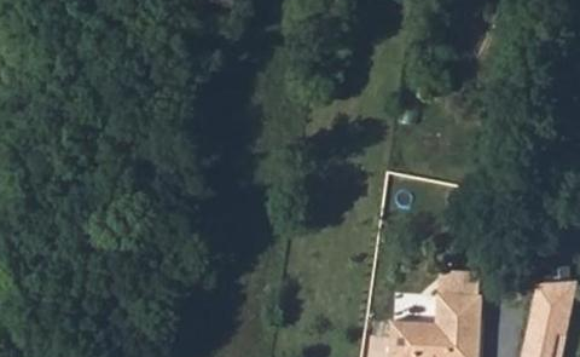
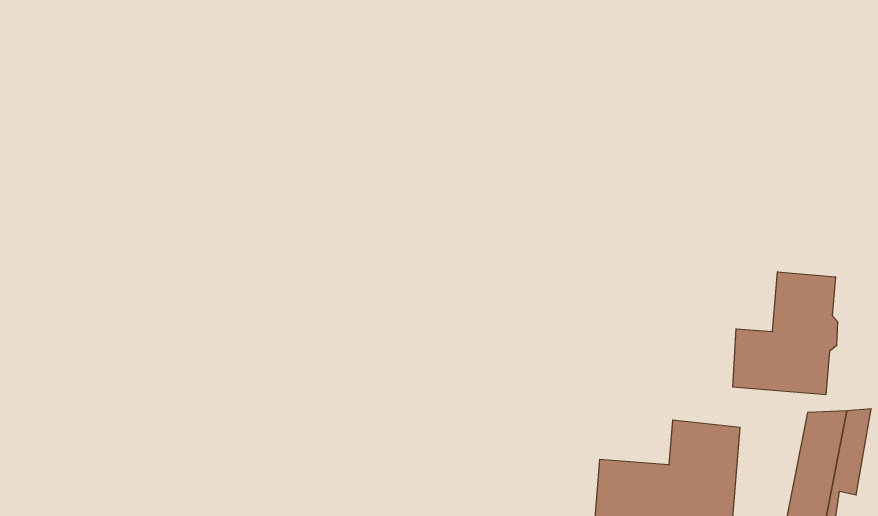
building: none -> [733,272,837,395]

